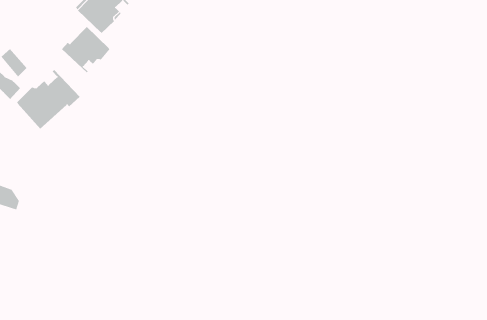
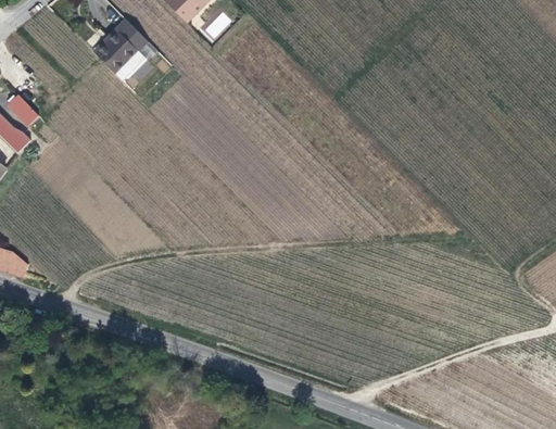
building: [61,26,111,73] -> none
building: [16,69,80,129] -> none

